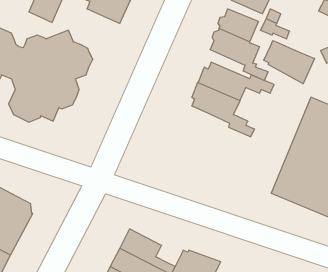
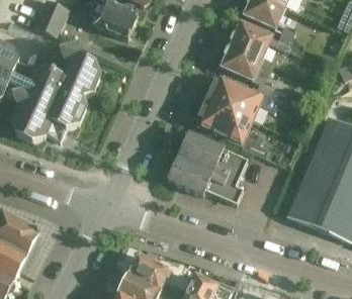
building: [264,41,315,84] -> none
building: none -> [167,132,247,203]

